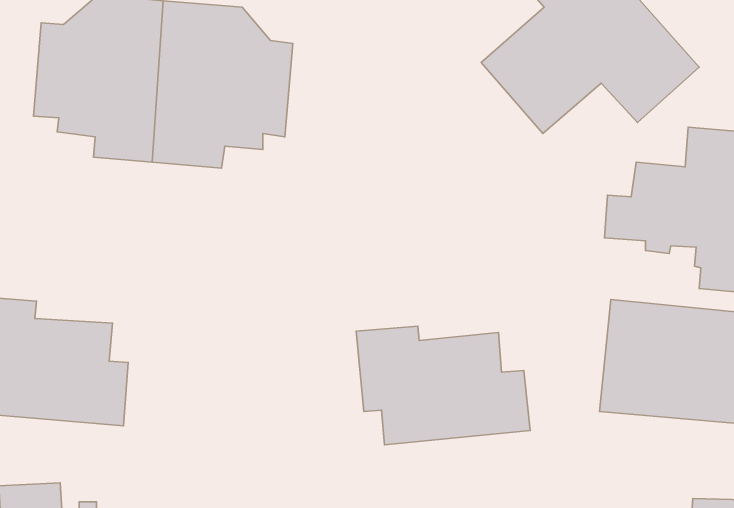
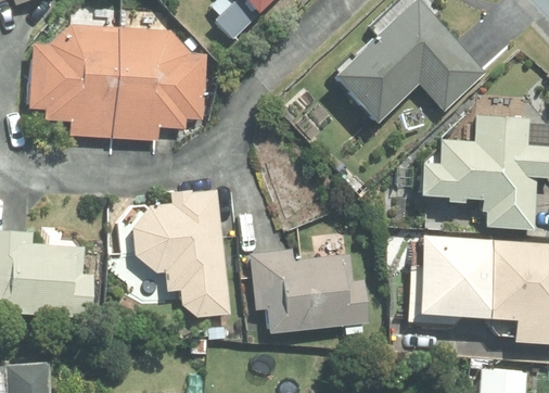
building: none -> [131,190,228,319]

